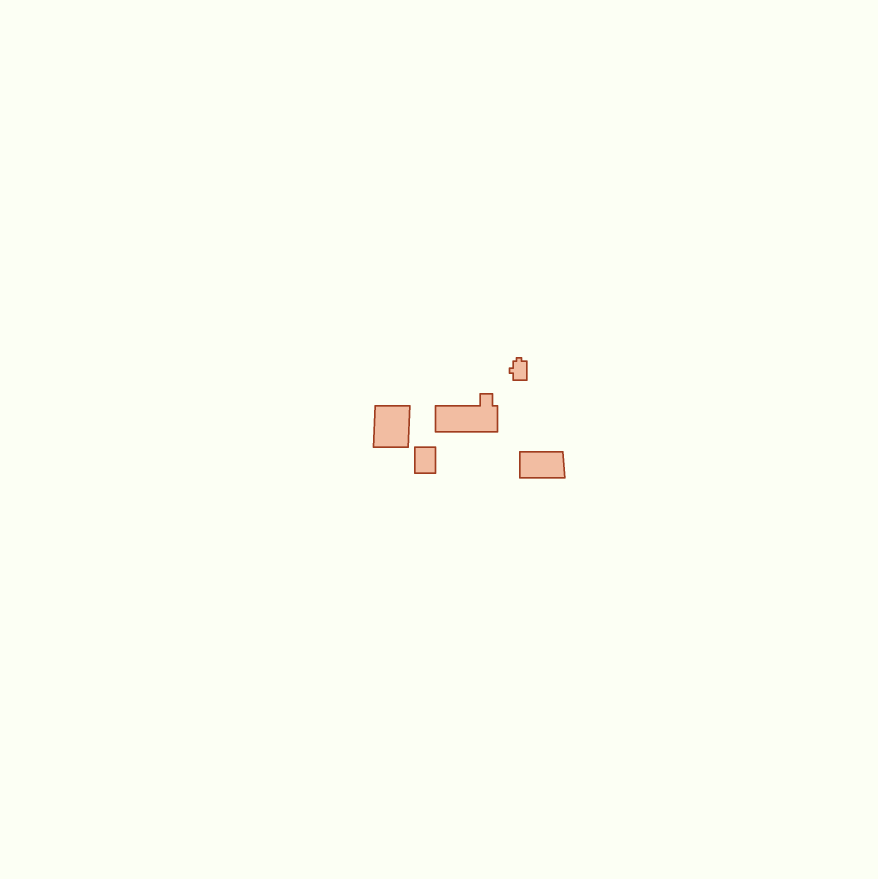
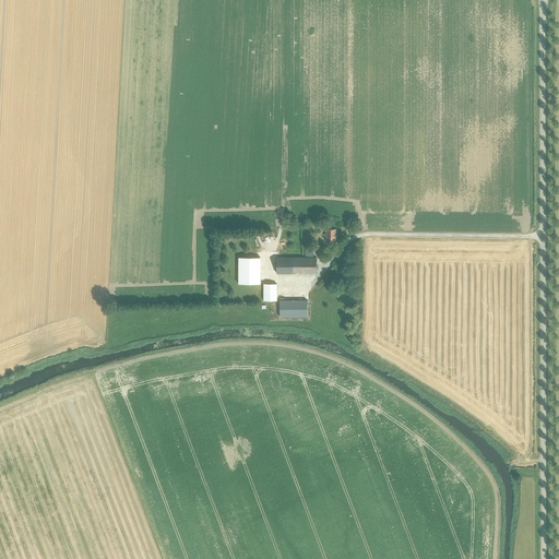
building: [520,452,565,478] -> [278,300,307,317]

